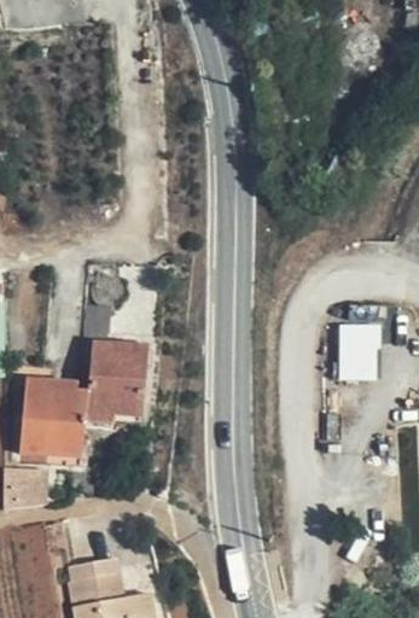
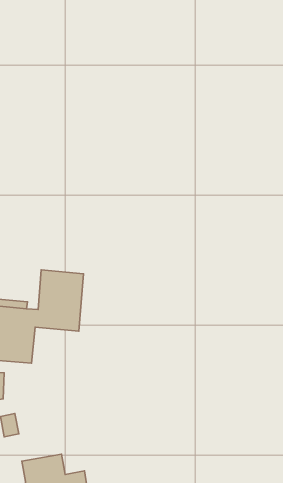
building: [339,320,380,377] -> none

